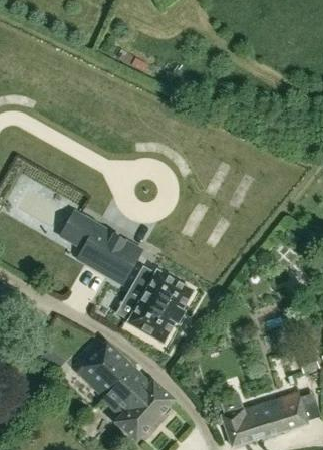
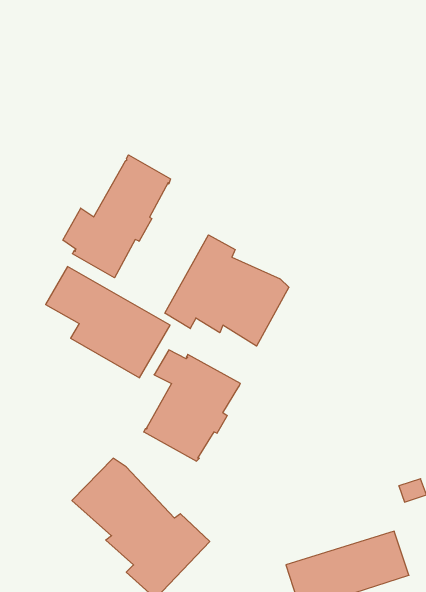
building: none -> [63,155,170,278]
building: none -> [165,235,289,346]

